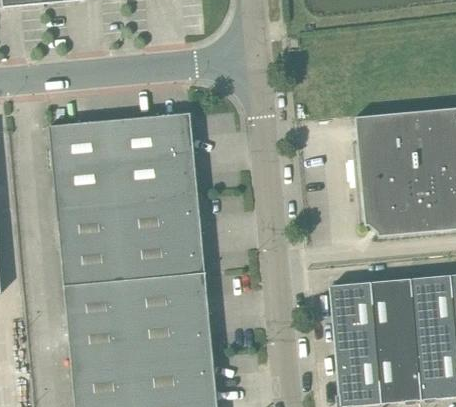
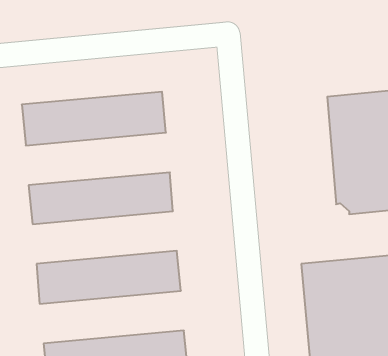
building: [52,153,197,206] -> none
building: [59,232,204,285] -> none
building: [66,312,211,365] -> none

